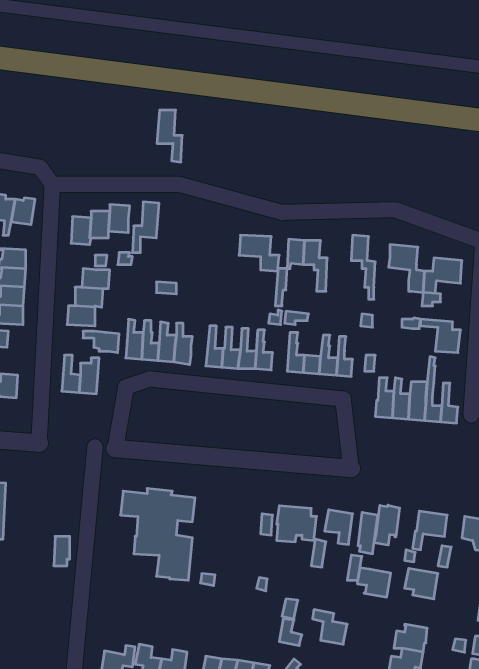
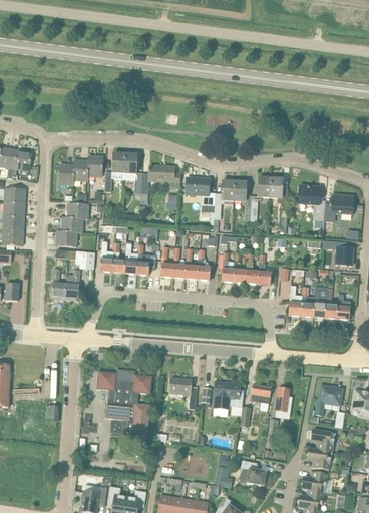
building: [157,110,182,162] -> [123,154,142,193]
building: none -> [149,165,180,187]
building: none -> [251,177,271,221]
building: none -> [169,378,197,409]
building: [374,505,400,545] -> none
building: [357,568,391,597] -> [307,448,332,470]

